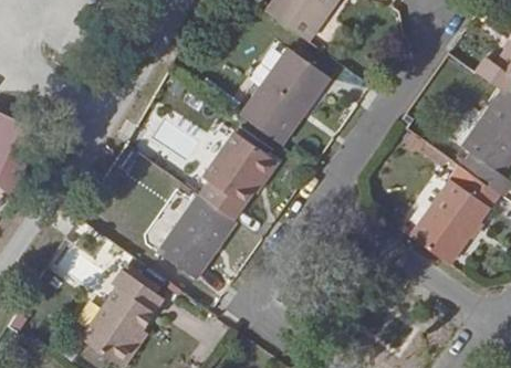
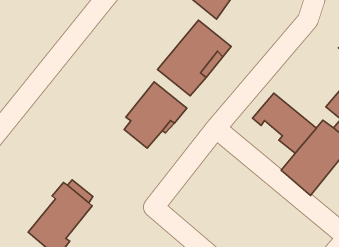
building: none -> [253,93,316,153]
building: [145,187,239,283] -> none

